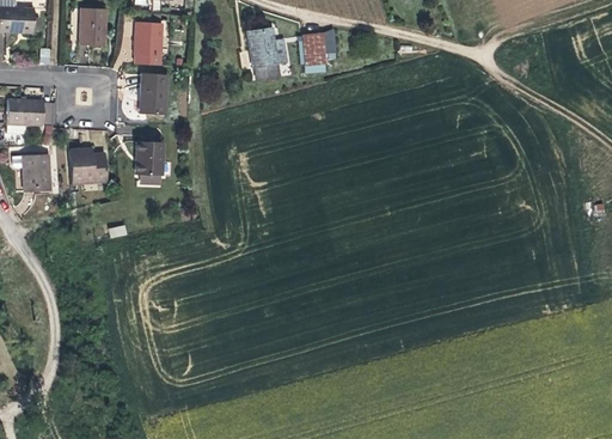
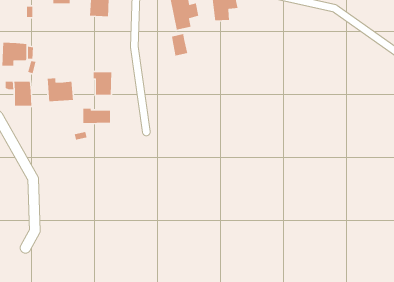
building: [140,72,167,112] -> none
building: none -> [171,33,188,57]
building: none -> [82,108,111,124]

